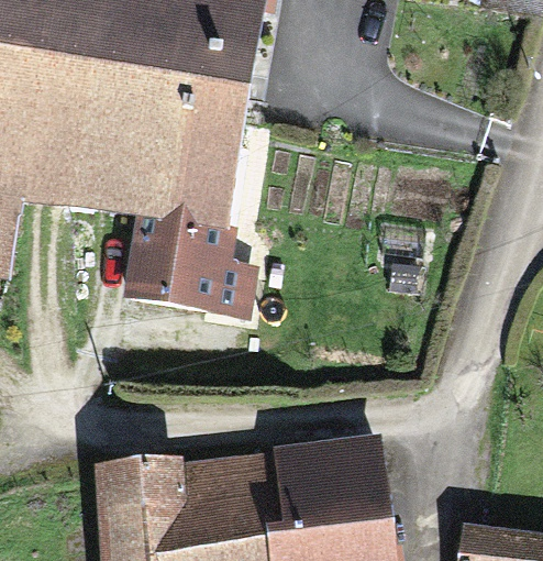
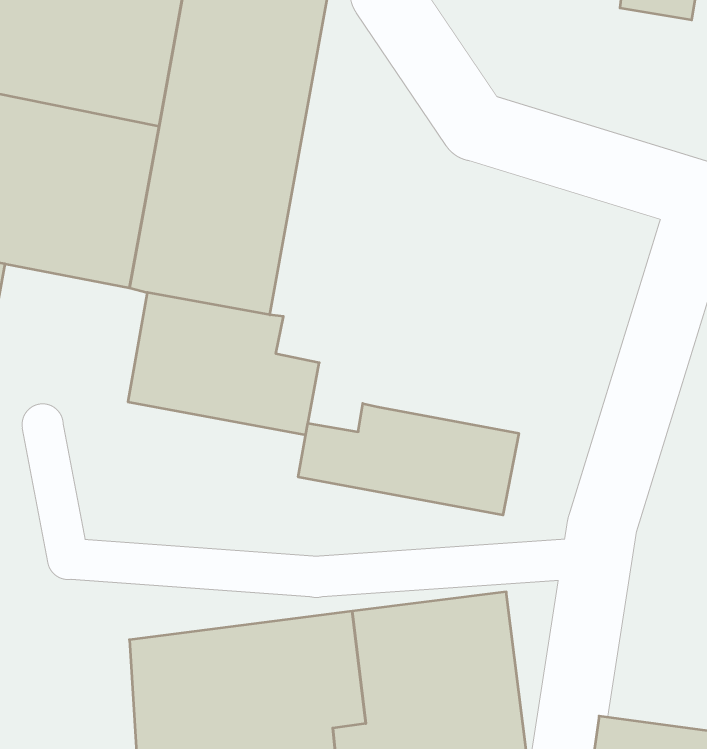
building: none -> [298,403,519,515]

